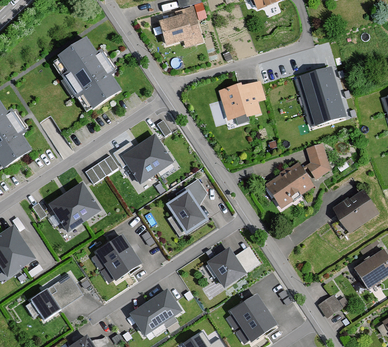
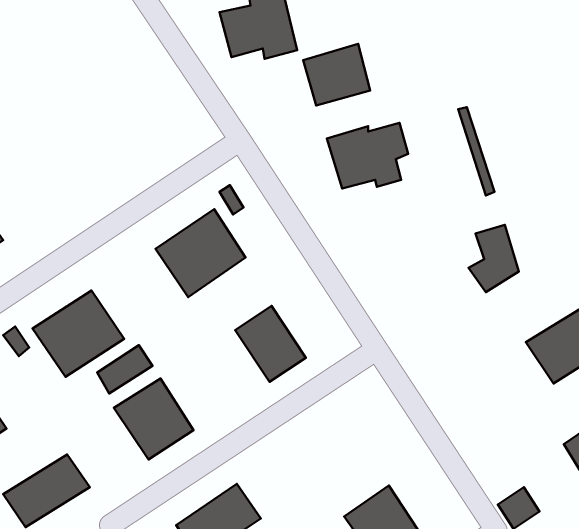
building: none -> [303,44,370,106]
building: [54,42,122,116] -> none
building: [304,72,342,124] -> none
building: [86,155,118,183] -> [97,345,153,393]
building: [264,162,314,208] -> none
building: [205,246,245,287] -> none

